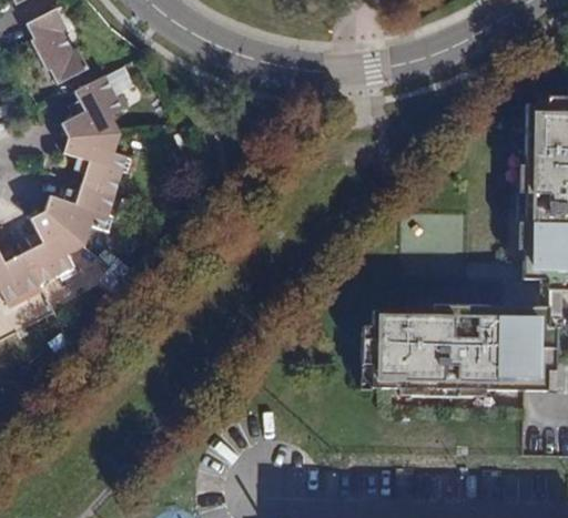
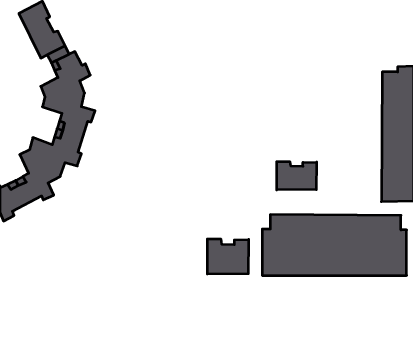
building: none -> [277,162,317,190]
building: none -> [207,239,249,274]

